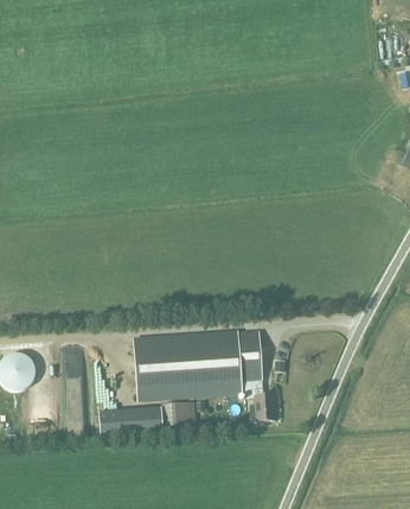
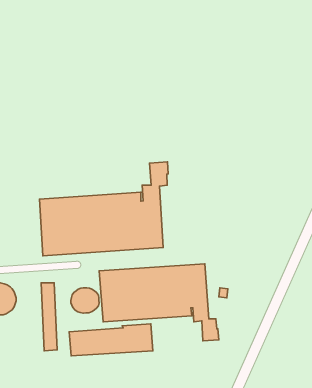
building: none -> [40,162,168,256]
building: none -> [71,288,99,313]

